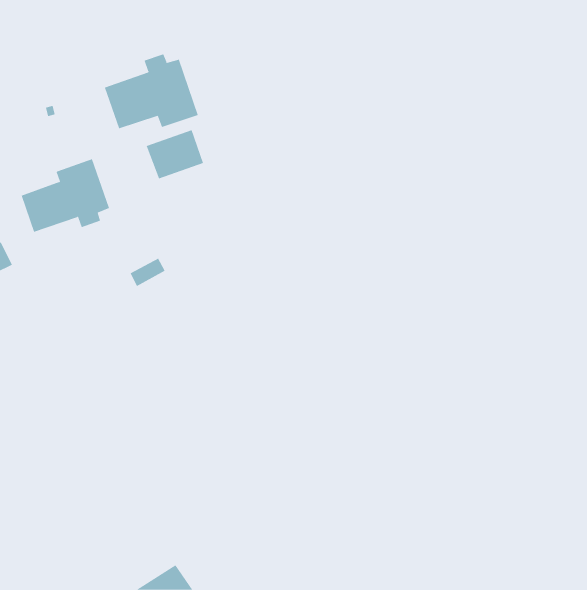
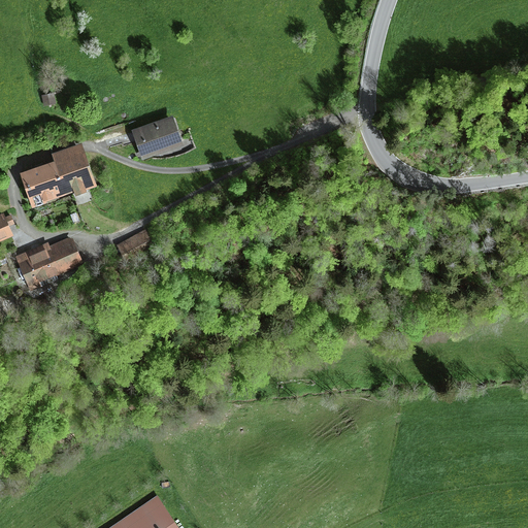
building: [104,53,199,129] -> none
building: none -> [15,236,81,289]

